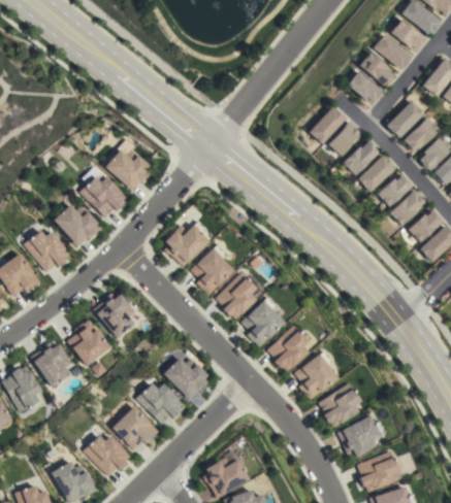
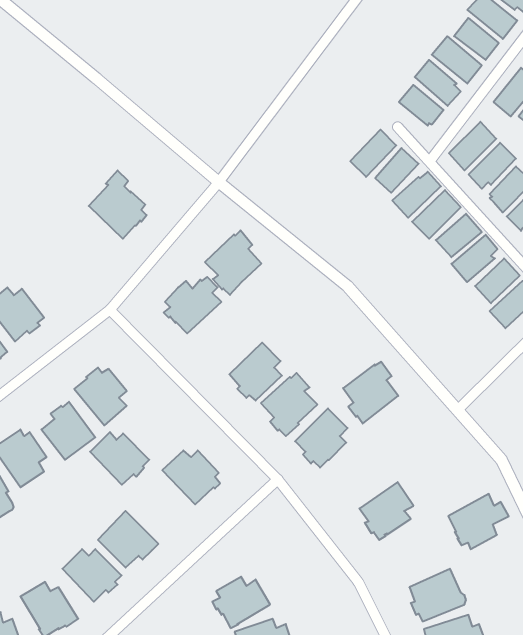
building: [79,176,126,217] -> none
building: [54,204,101,246] -> none
building: [189,244,233,295] -> [205,230,261,295]
building: [293,351,336,400] -> [343,362,398,424]
building: [136,382,183,424] -> [90,432,149,485]
building: [336,414,384,458] -> [448,494,509,549]

